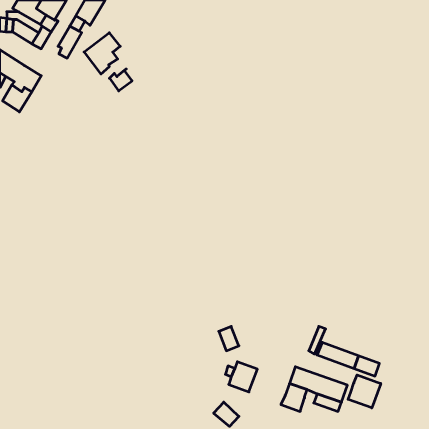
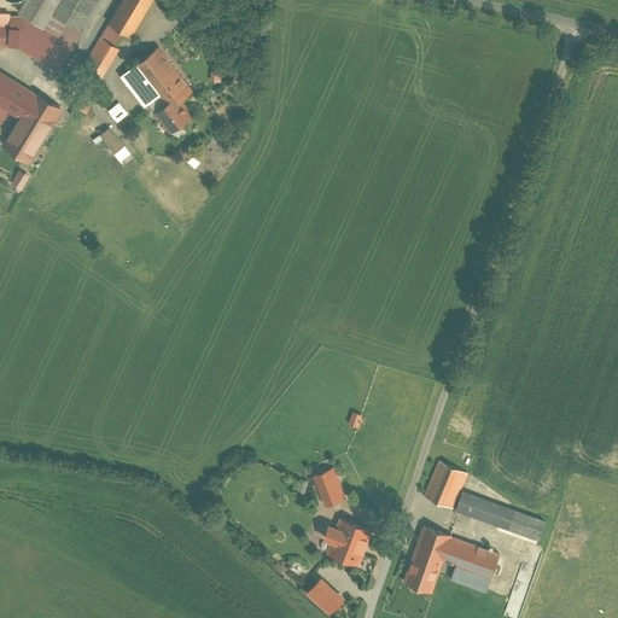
building: none -> [156,68,192,111]
building: none -> [424,461,457,505]
building: [348,375,381,408] -> none

